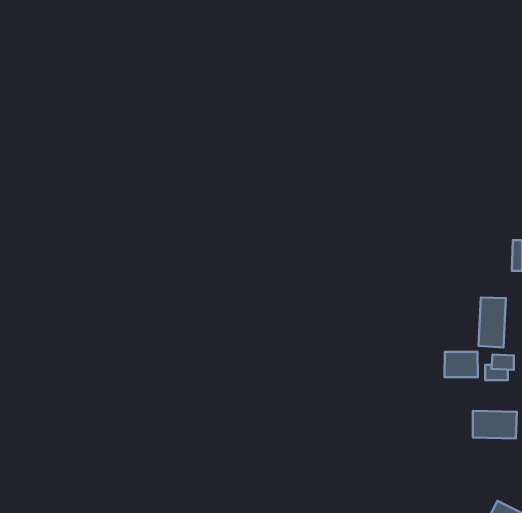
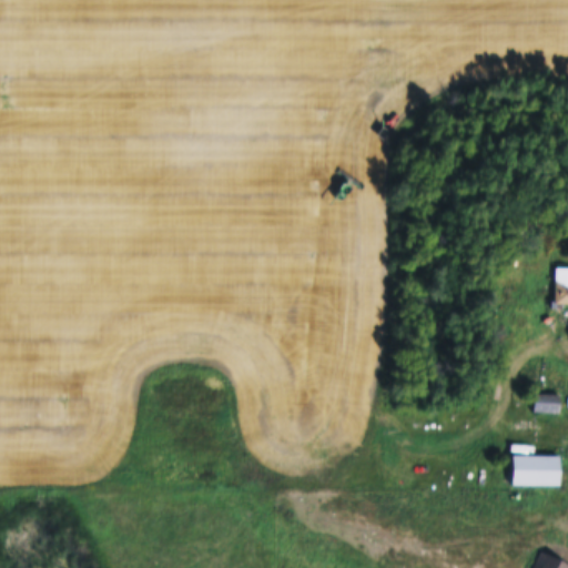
building: [479,297,506,348] -> none
building: [444,352,478,377] -> none

